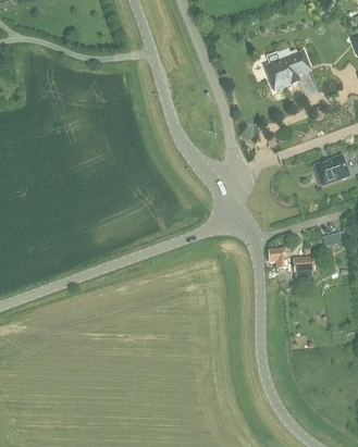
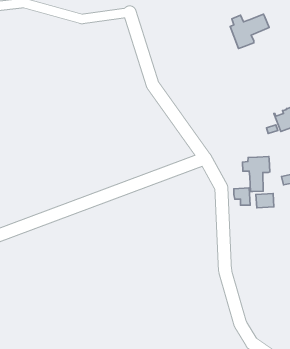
building: none -> [243,156,270,192]

